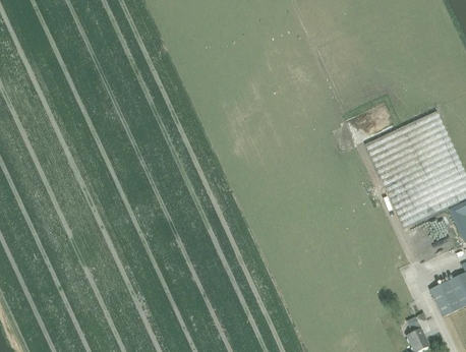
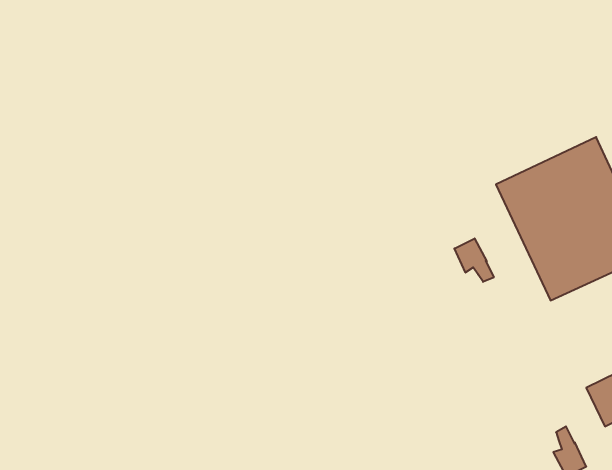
building: none -> [454,238,494,282]

